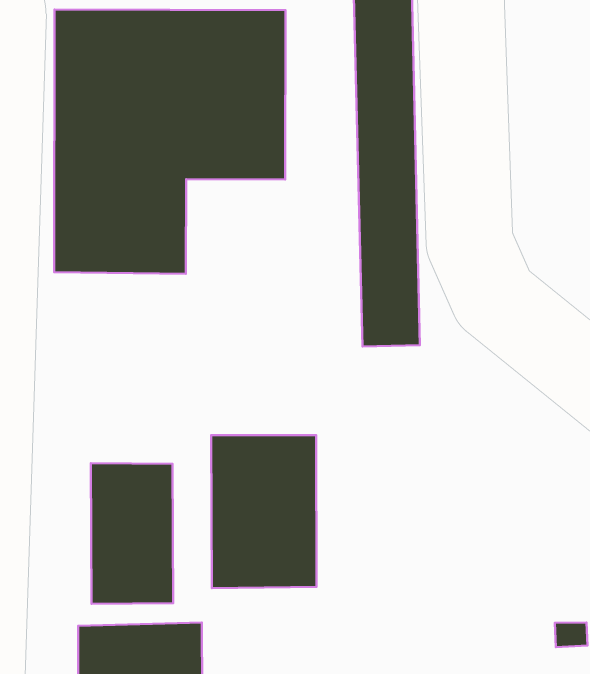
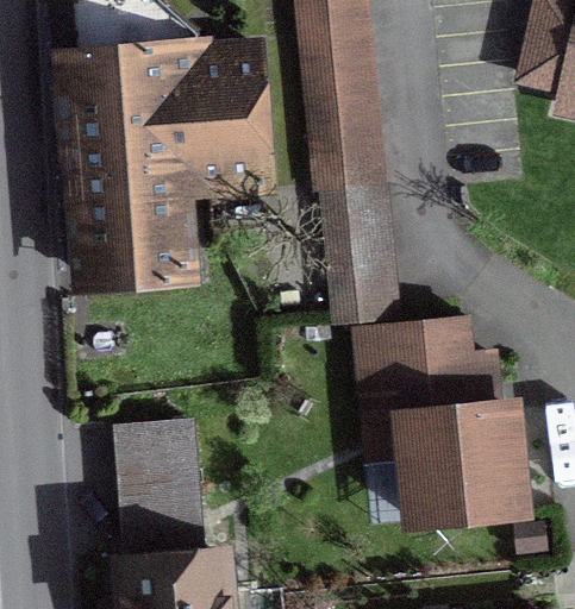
building: none -> [358,324,519,511]
building: [211,435,317,588] -> none

